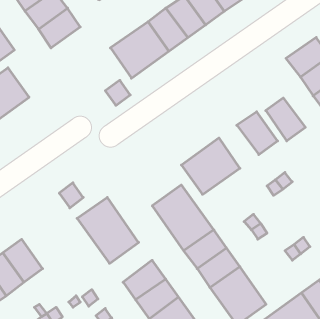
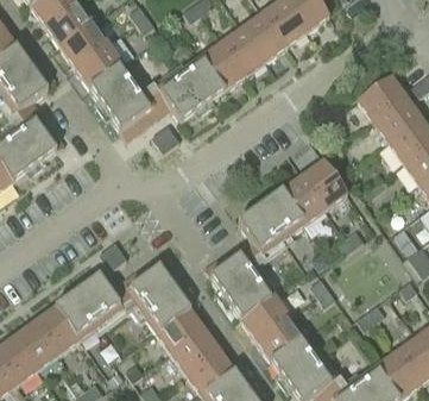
building: none -> [89,63,159,138]
building: [266,98,305,141] -> [280,175,326,224]
building: none -> [56,274,122,338]
building: none -> [156,308,204,353]

